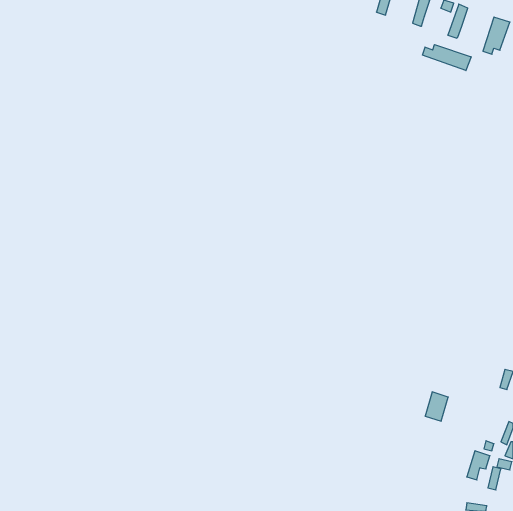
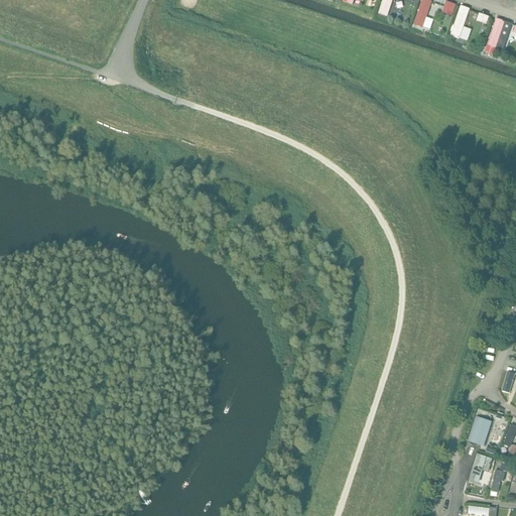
building: [422,45,471,71] -> none
building: [425,392,448,421] -> [468,416,491,445]

